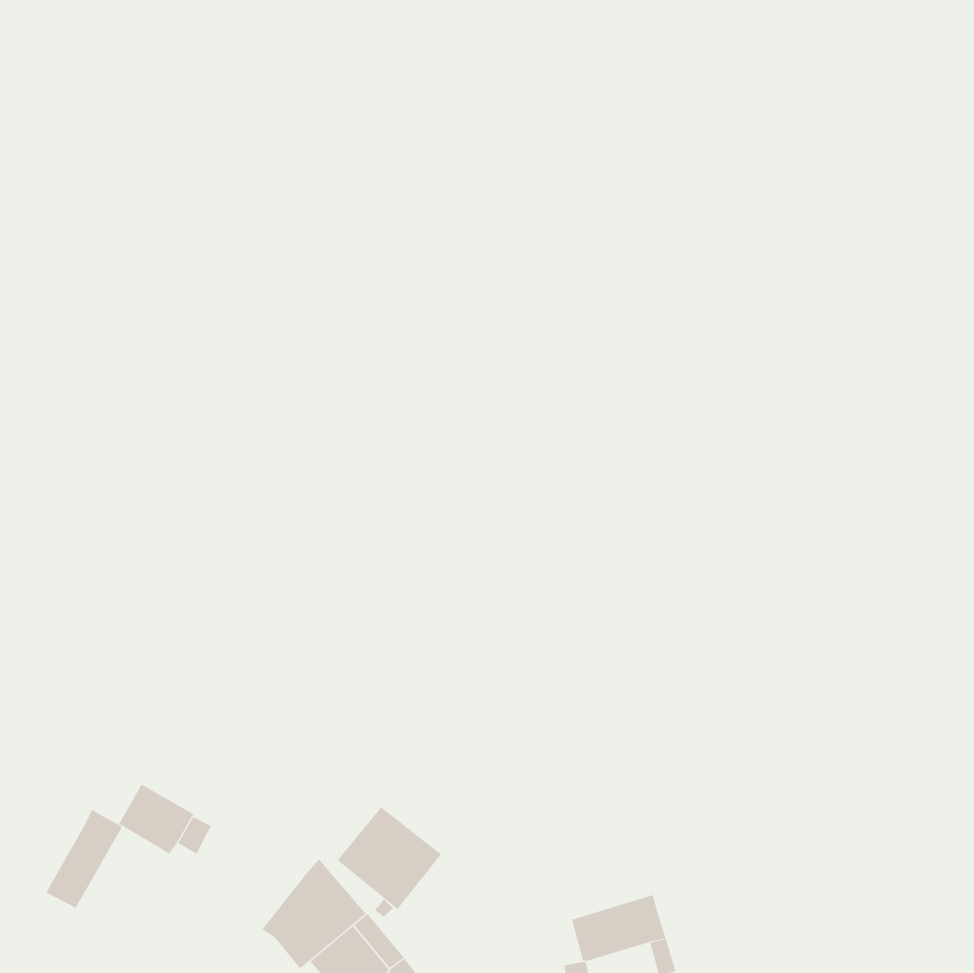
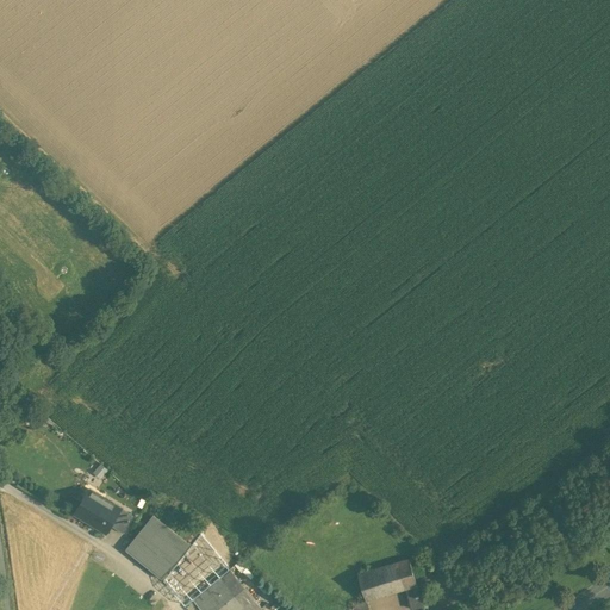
building: [337,807,442,910] -> [125,517,191,581]
building: [46,809,123,909] -> none

